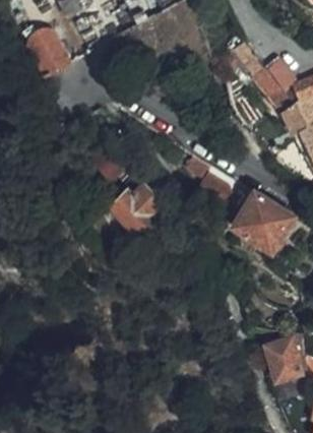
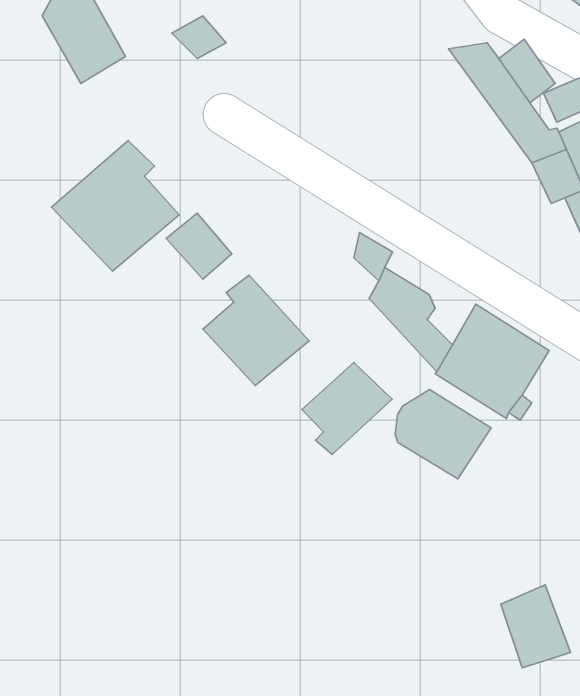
building: none -> [52,141,179,271]
building: none -> [302,362,392,454]
building: none -> [395,389,491,479]

